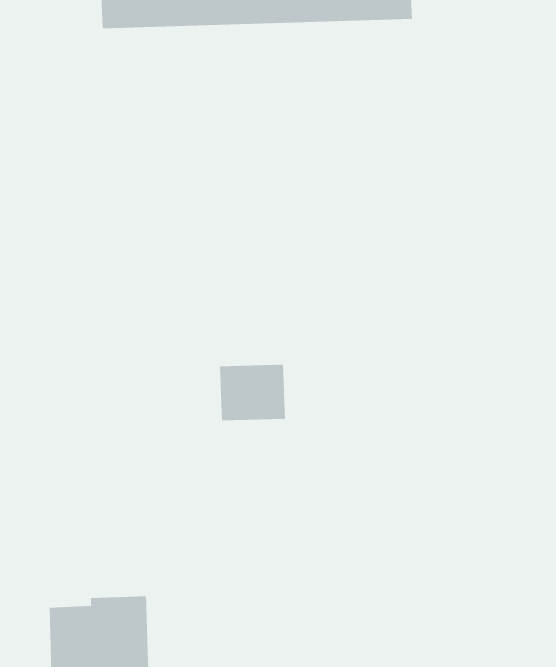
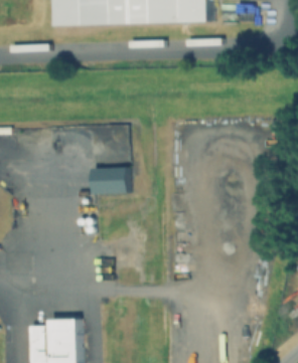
building: [219,364,286,421] -> [92,165,126,194]

